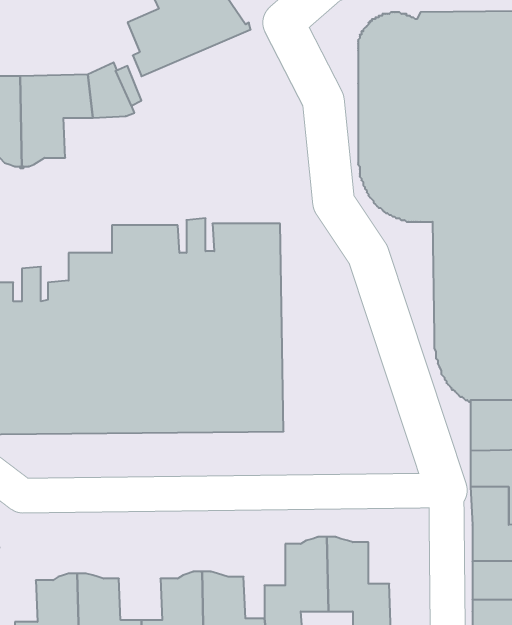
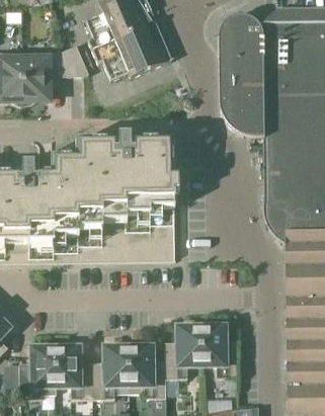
building: none -> [94,25,173,81]

